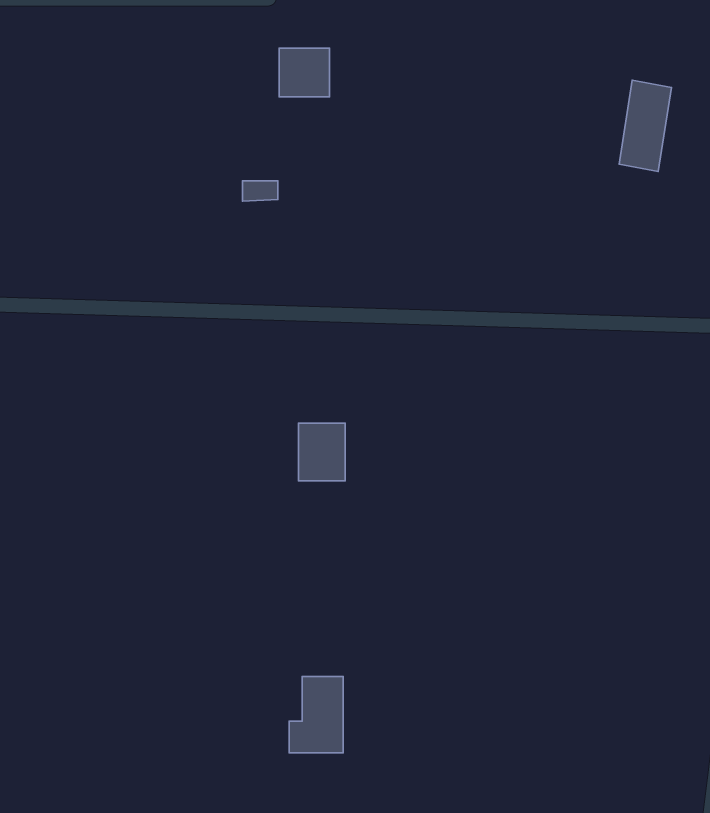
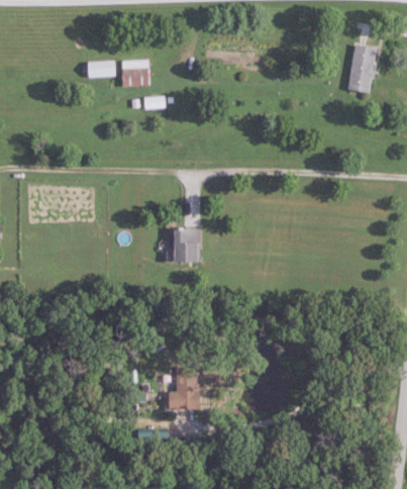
building: [279,48,329,97] -> [120,61,147,87]
building: none -> [87,63,114,78]

